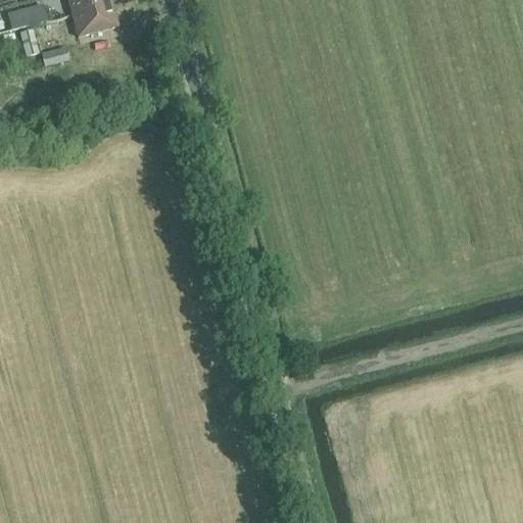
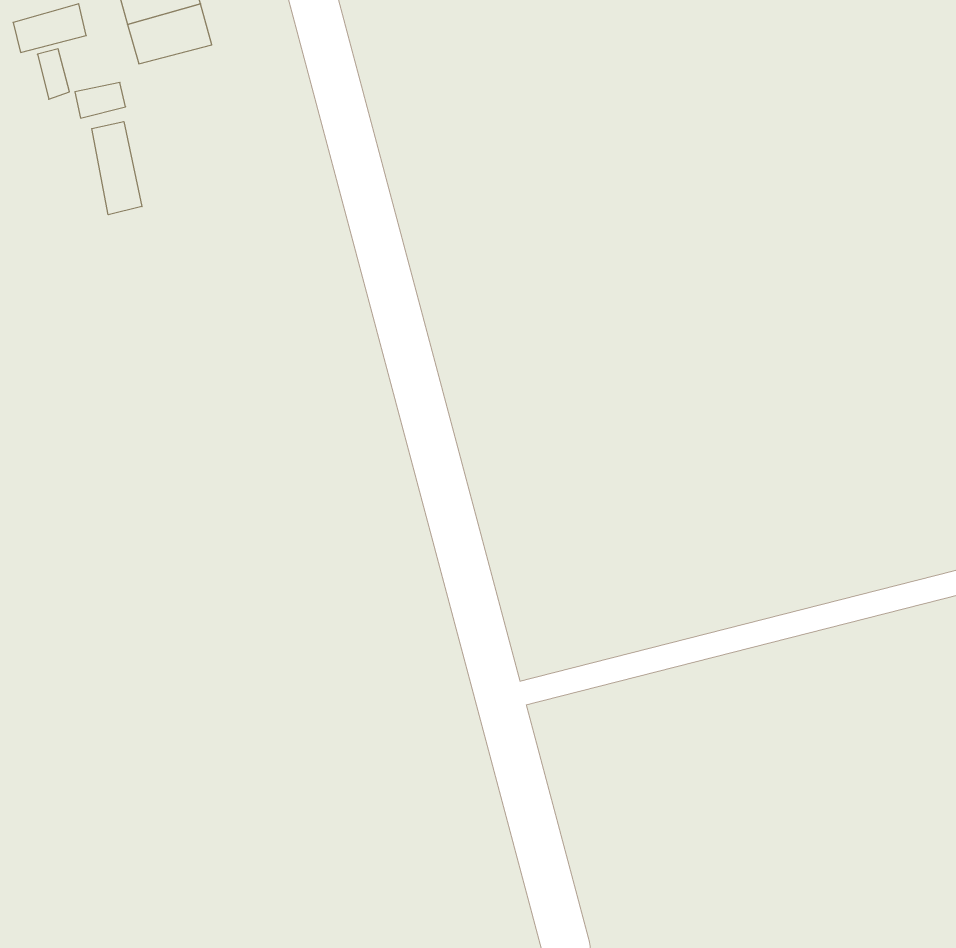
building: none -> [92,122,142,215]

